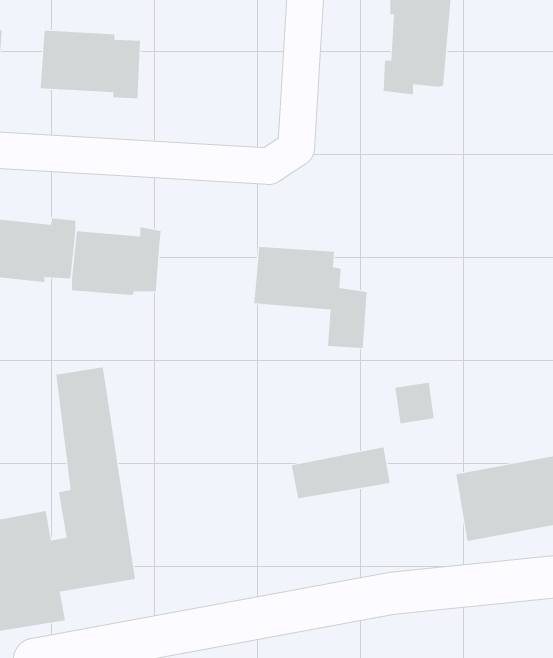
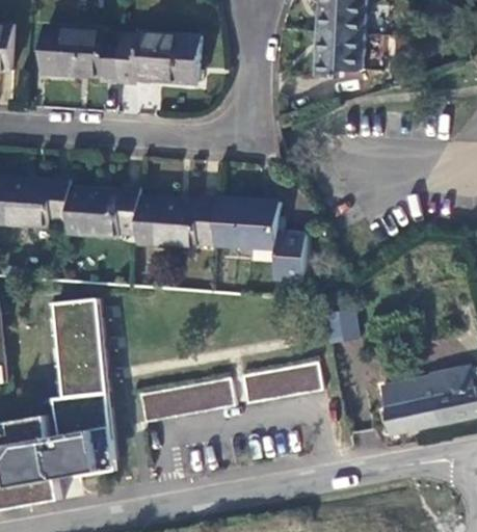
building: none -> [120,32,200,82]
building: none -> [134,197,216,249]
building: none -> [139,377,234,421]

